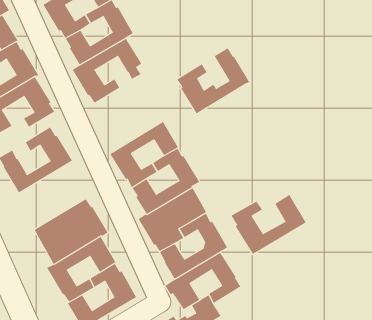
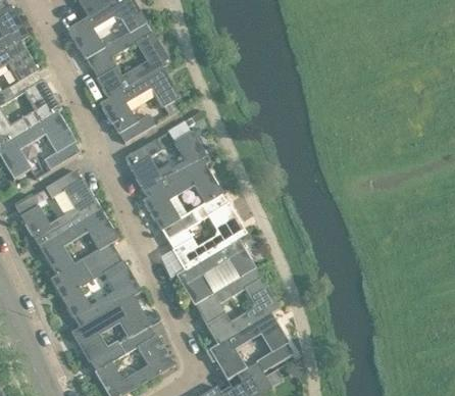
building: [176,47,250,114] -> [125,120,210,197]
building: none -> [39,207,118,287]
building: [230,193,306,255] -> none

